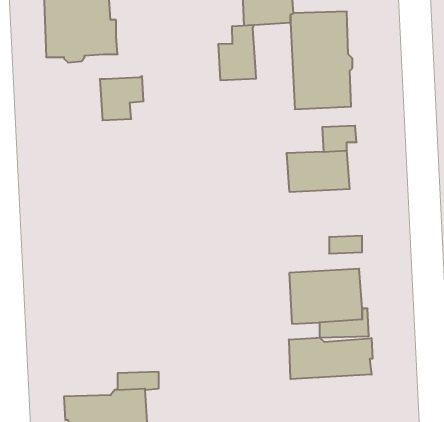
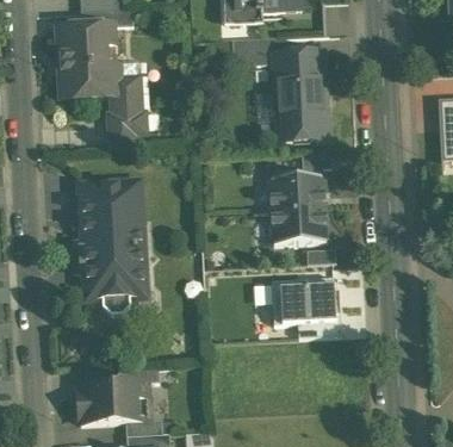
building: [218,25,256,80] -> none
building: none -> [111,73,142,111]
building: none -> [80,179,145,312]
building: none -> [272,206,325,242]
building: [289,337,372,379] -> none

